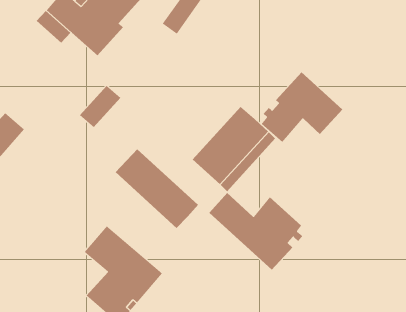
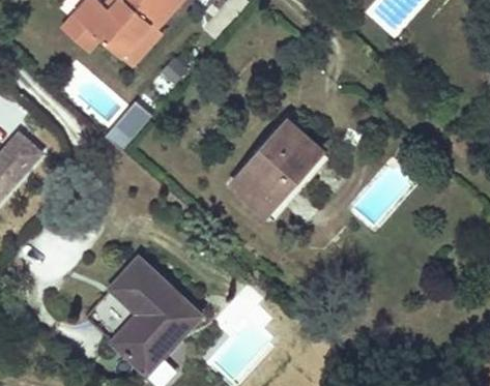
building: [261,72,343,143] -> none
building: [115,148,199,229] -> none
building: [208,192,303,271] -> none

